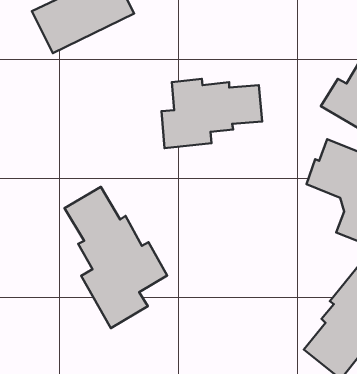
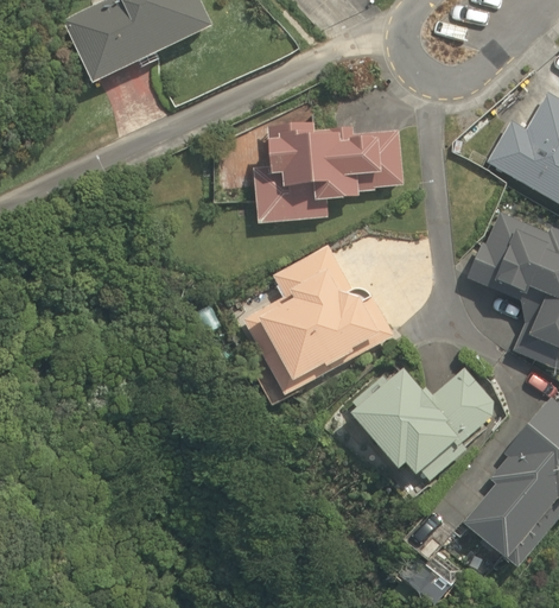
building: none -> [244,243,396,395]
building: [65,187,167,328] -> none
building: none -> [354,366,494,481]

